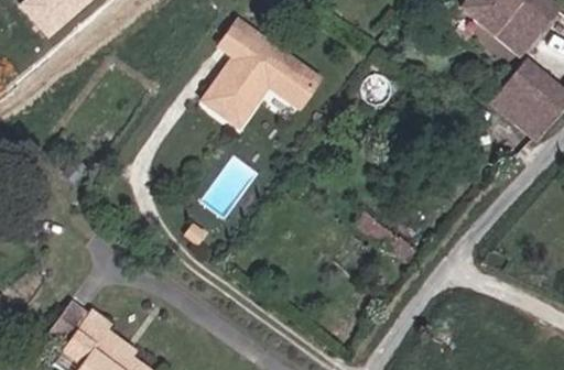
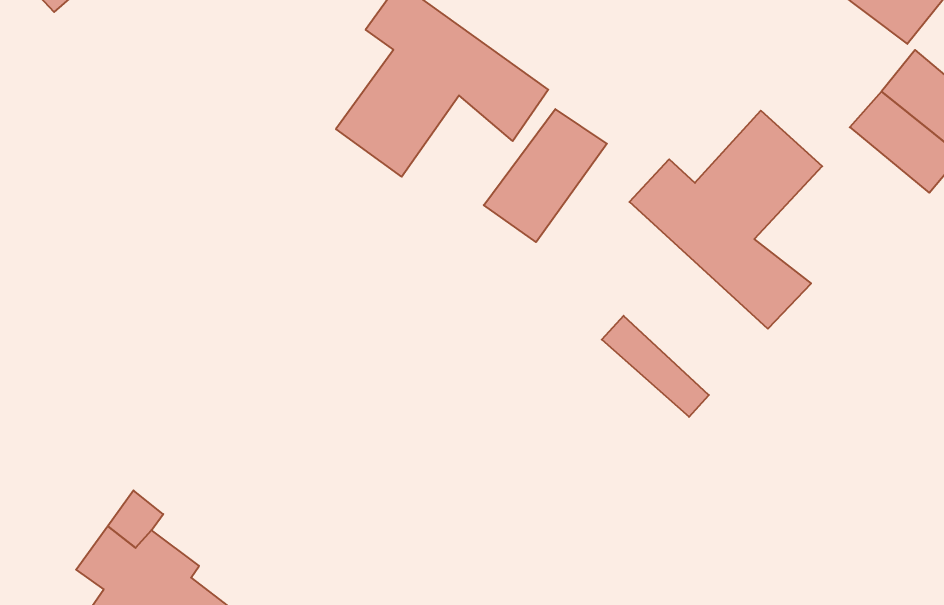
building: none -> [484,109,607,242]
building: none -> [629,111,822,329]

